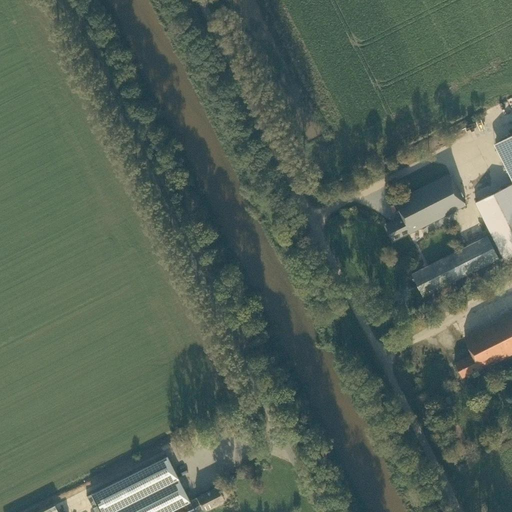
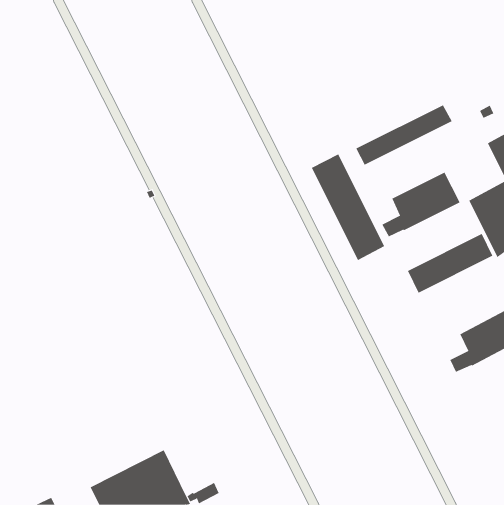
building: none -> [355,104,453,166]
building: none -> [311,153,385,261]

